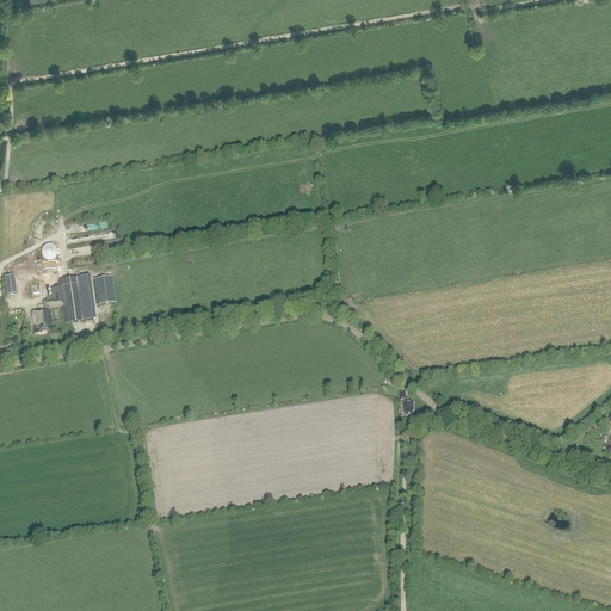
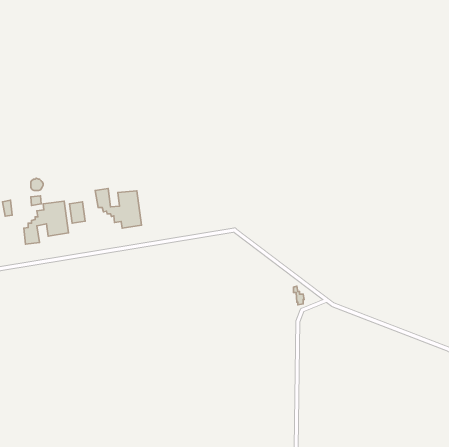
building: none -> [95,189,142,228]

